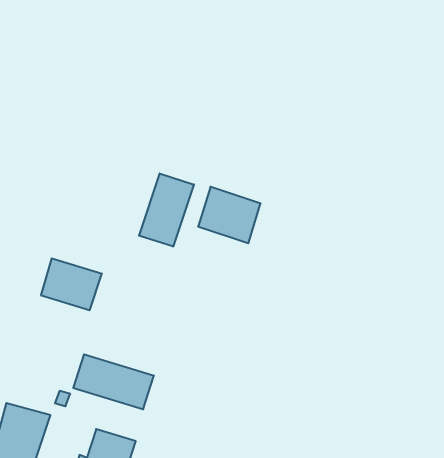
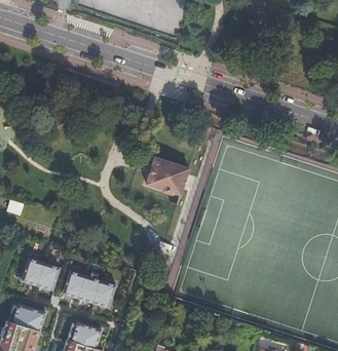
building: [139,173,194,247] -> none
building: [41,258,102,310] -> [21,256,62,290]

